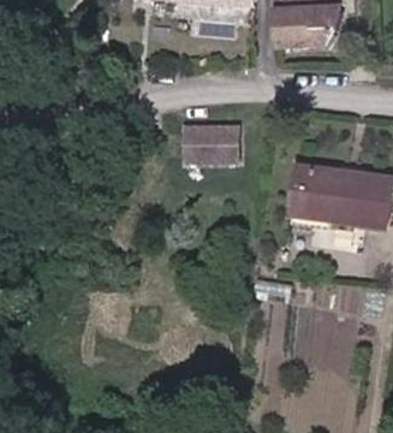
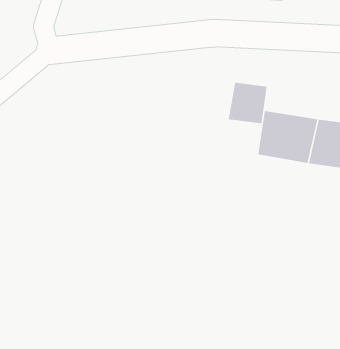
building: [181,117,225,162] -> [228,82,268,124]

